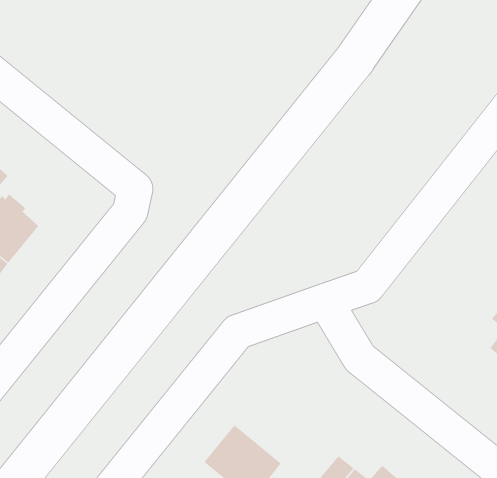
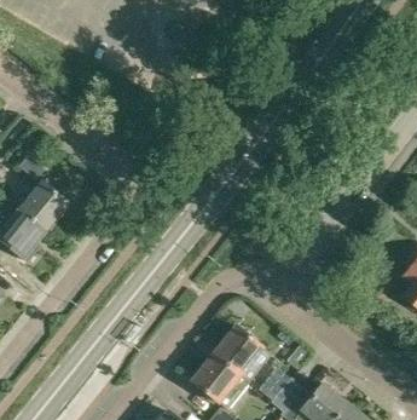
building: none -> [213,324,263,381]

